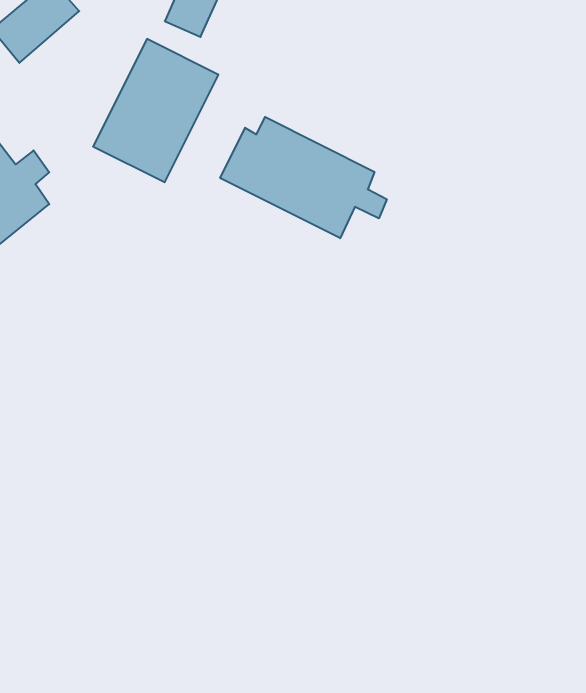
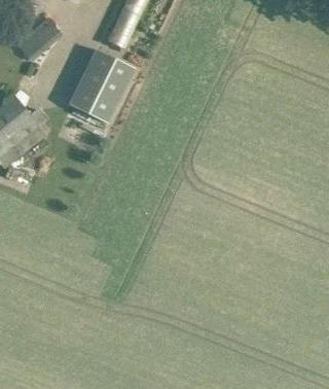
building: [220,117,387,238] -> none

